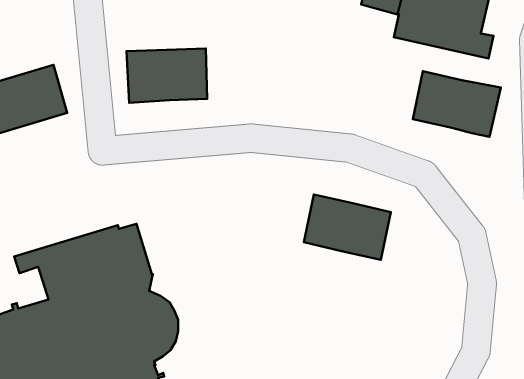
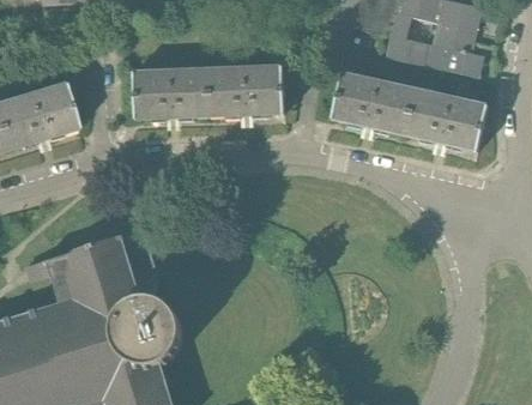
building: none -> [208,65,285,115]
building: [304,194,391,260] -> [332,72,415,134]

